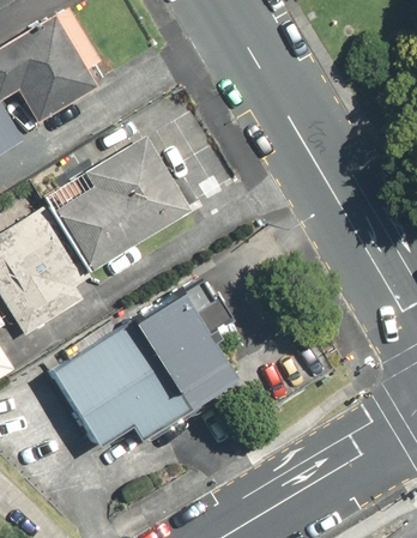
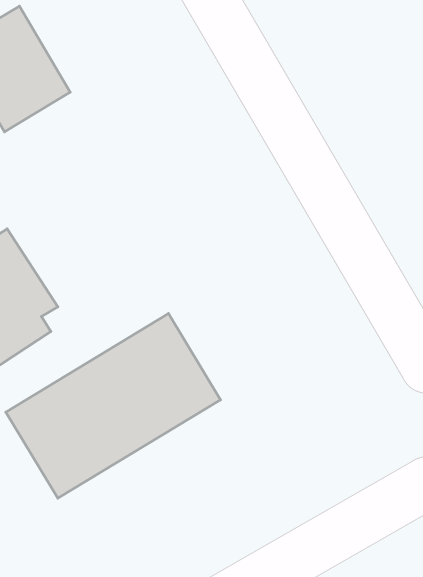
building: [55,139,187,268] -> none

